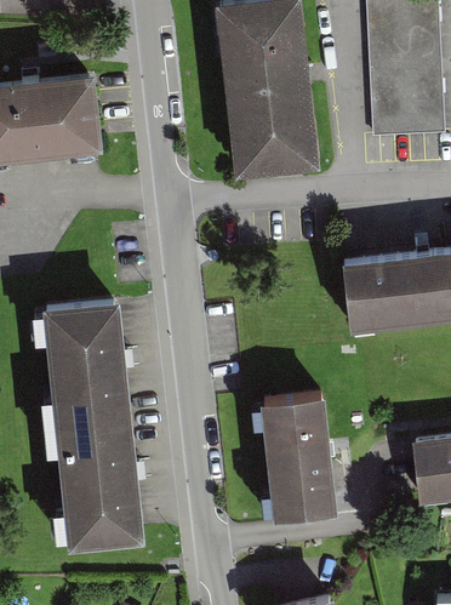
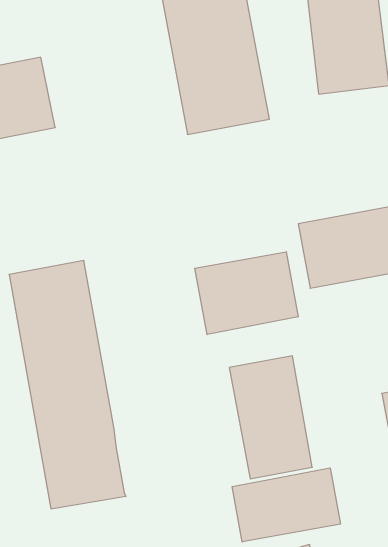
building: none -> [195,252,298,335]
building: none -> [232,468,340,542]

